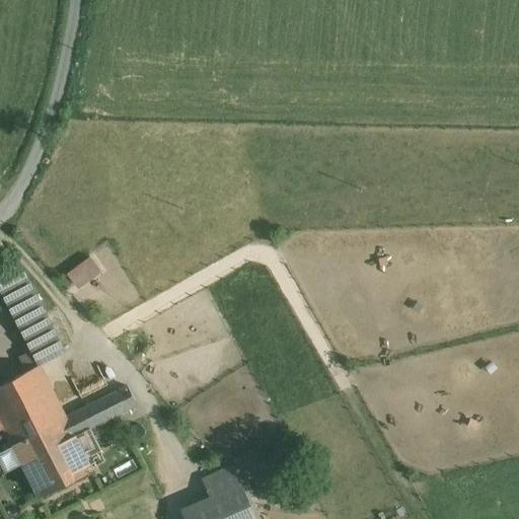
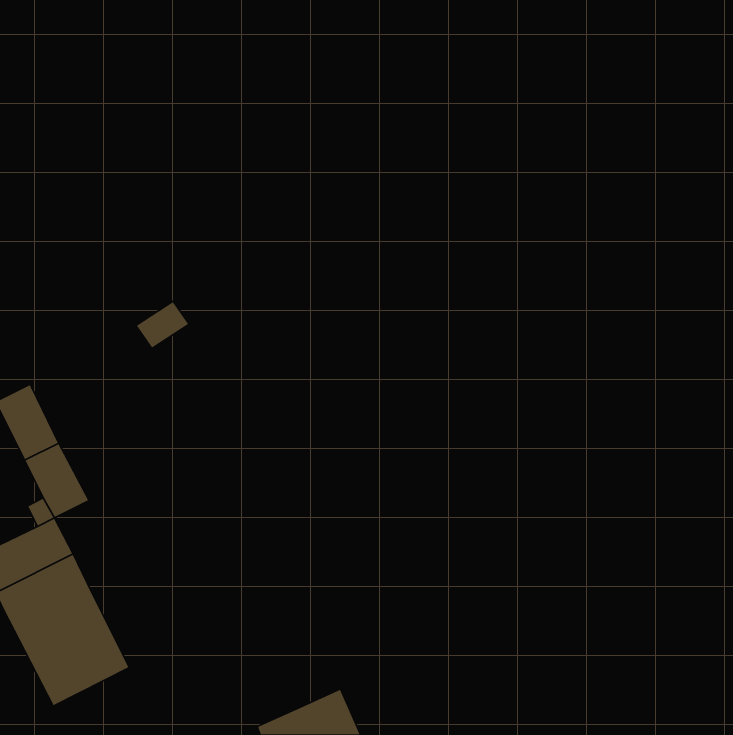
building: [68,254,105,288] -> [136,301,189,349]
building: [65,387,135,436] -> none
building: [202,466,240,499] -> none

